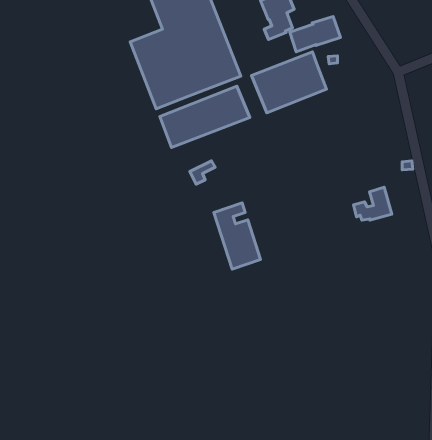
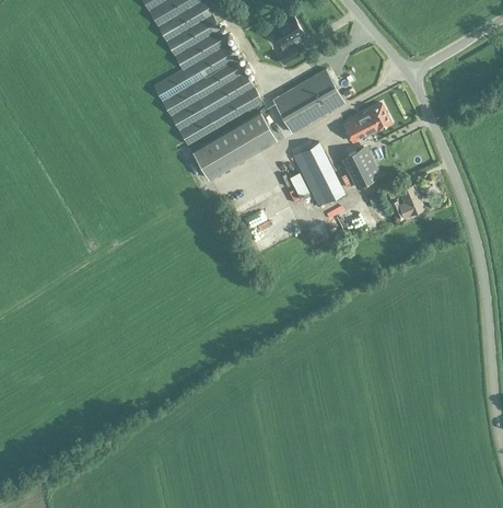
building: [290,17,340,52] -> [343,105,391,143]
building: none -> [341,149,381,189]
building: [214,203,260,269] -> [293,143,343,207]

